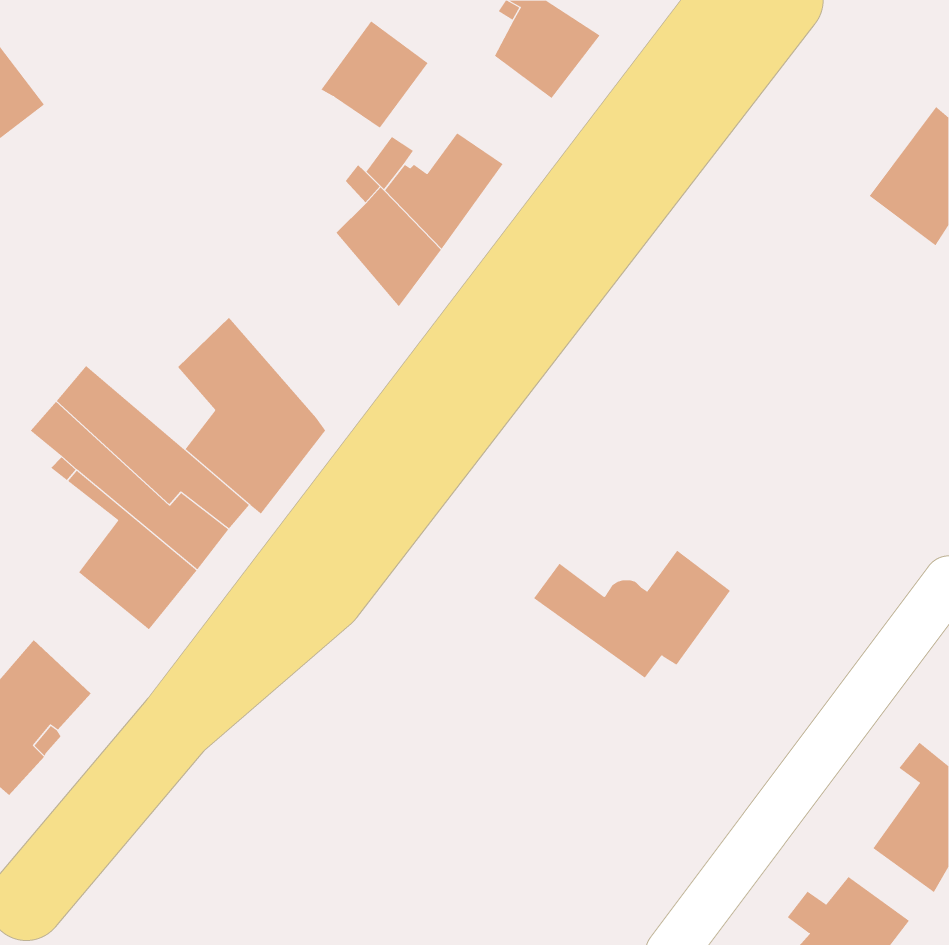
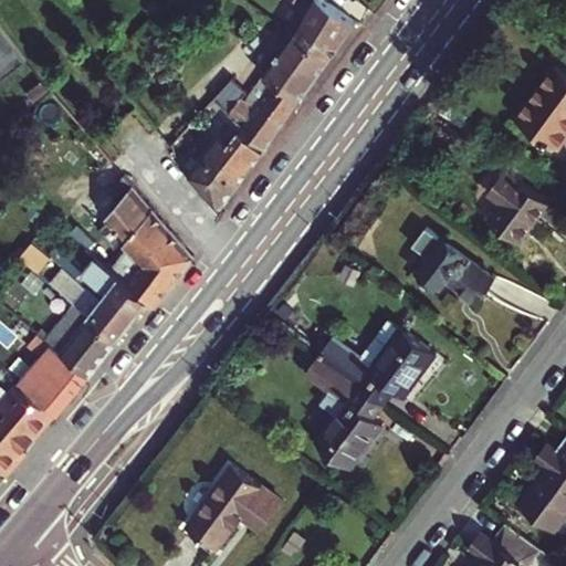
building: [321,20,429,128] -> [263,38,327,102]
building: none -> [176,143,237,208]
building: none -> [488,172,546,242]
building: none -> [409,230,490,301]
building: none -> [18,335,88,417]
building: none -> [304,359,382,470]
building: none -> [187,469,279,551]

